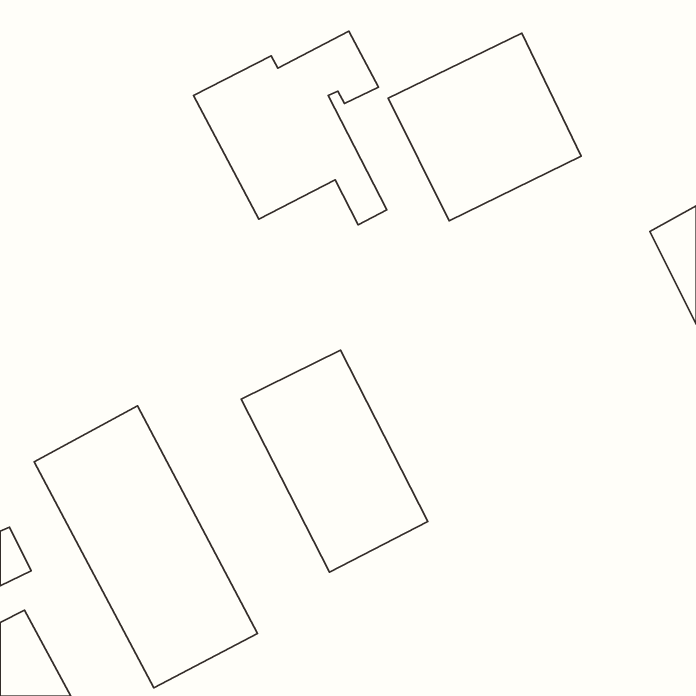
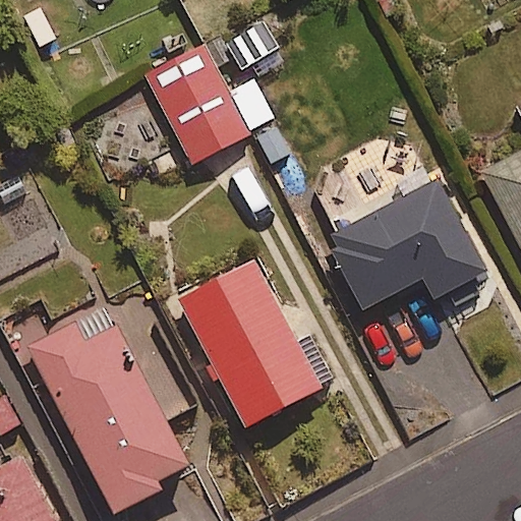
building: [388,33,581,221] -> none
building: none -> [322,178,483,311]

